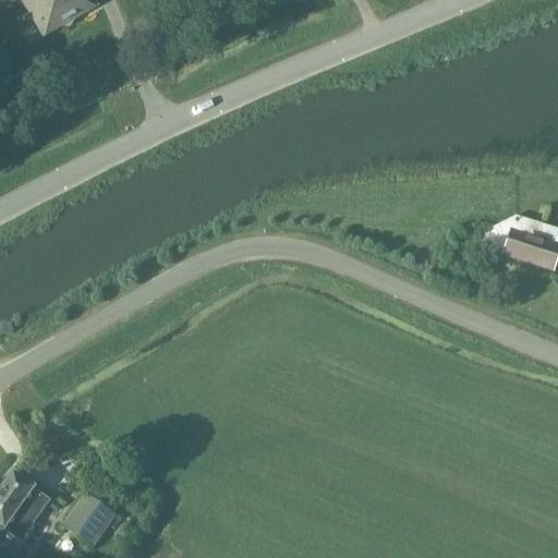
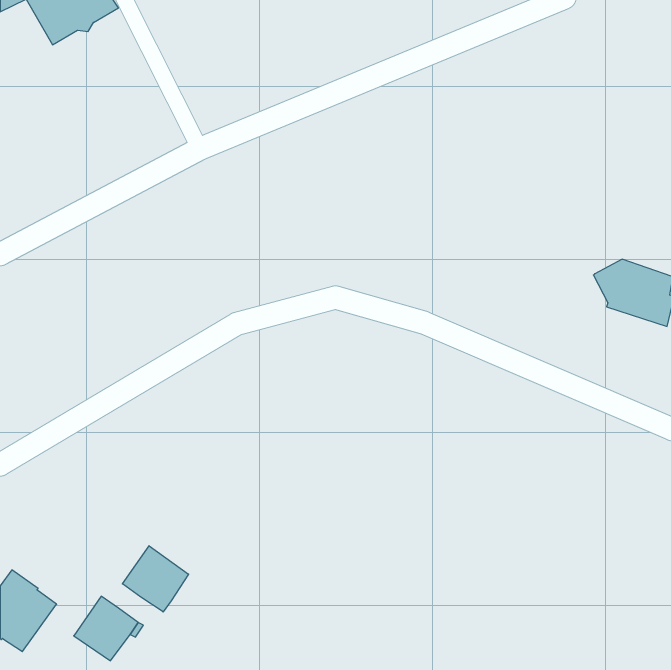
building: none -> [122,546,189,612]

